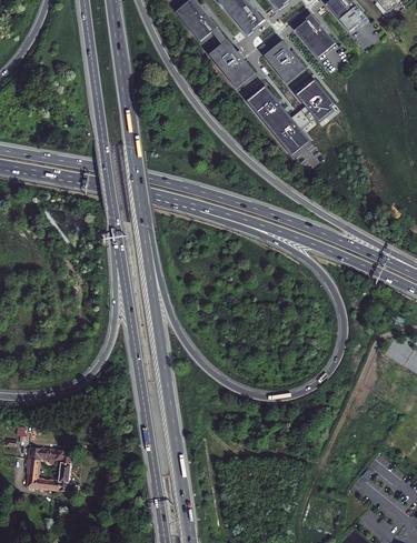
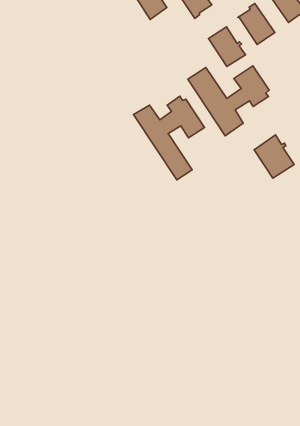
building: [208,39,254,87] -> none
building: none -> [133,96,205,180]
building: none -> [254,135,294,178]

